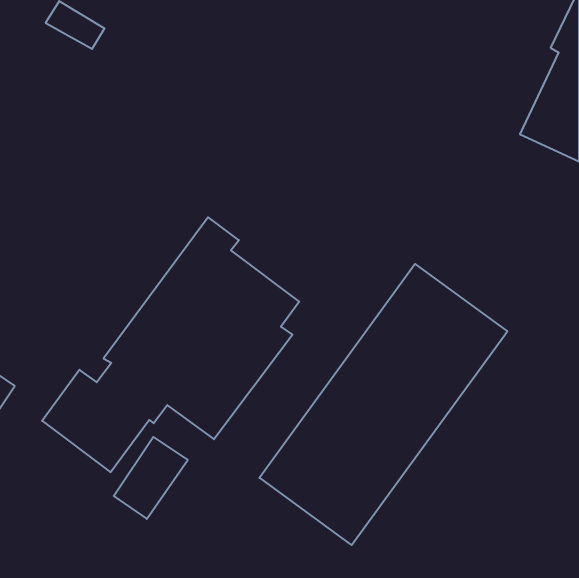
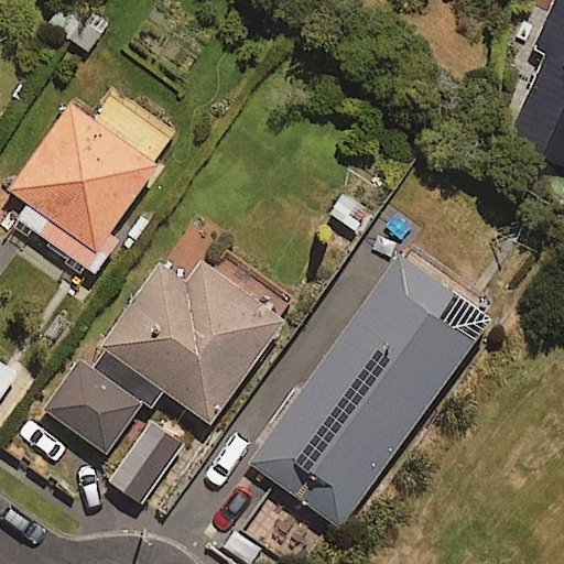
building: none -> [8,91,169,273]

